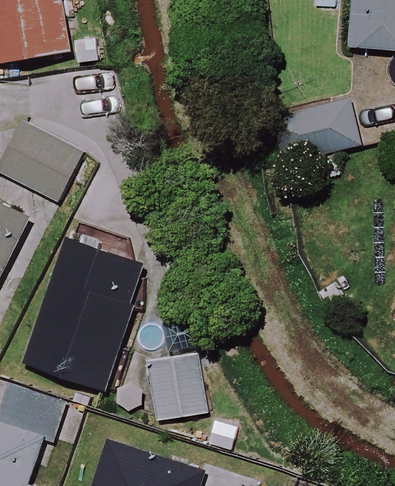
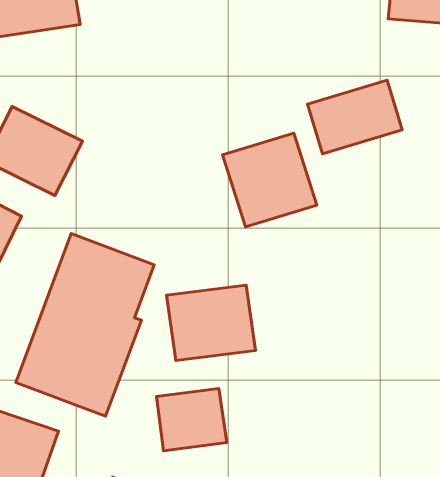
building: none -> [223,133,317,227]
building: none -> [167,285,256,361]

